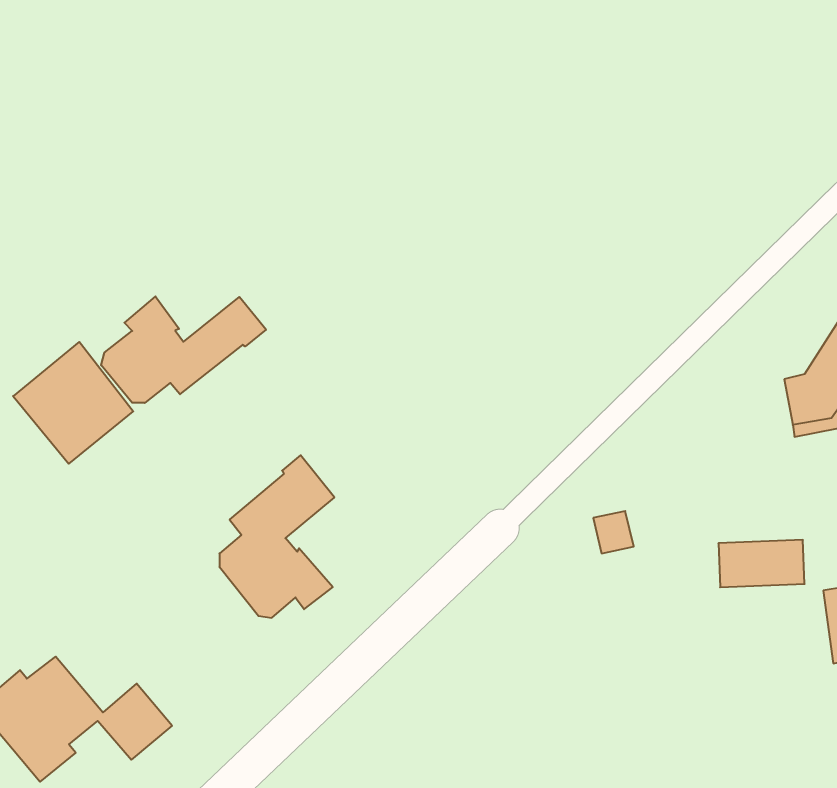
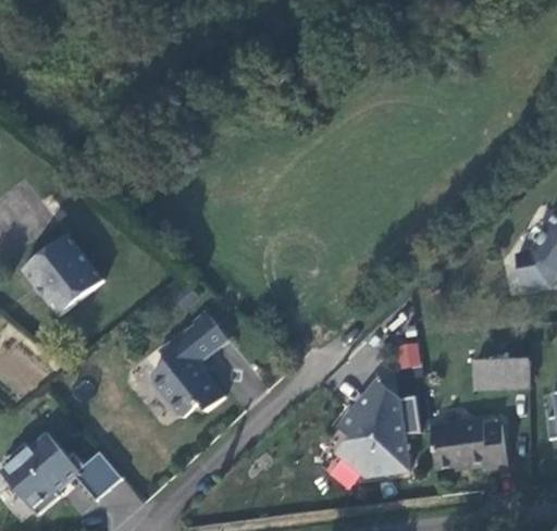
building: [101,296,266,403] -> none
building: none -> [338,381,410,477]
building: none -> [432,420,508,470]

